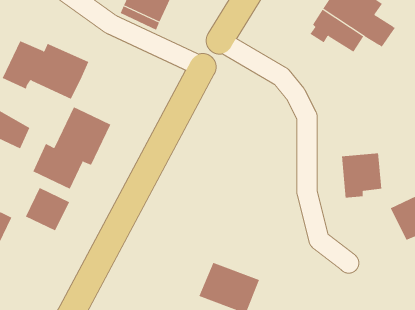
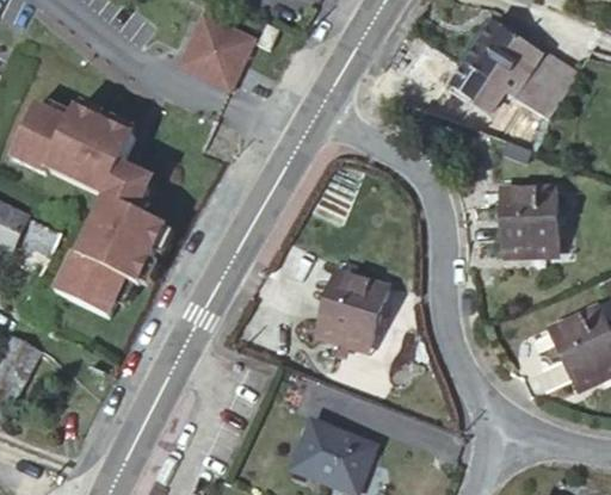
building: none -> [51,162,160,256]
building: [341,153,382,198] -> [499,181,556,245]
building: none -> [314,265,387,336]
building: [25,187,70,231] -> none

